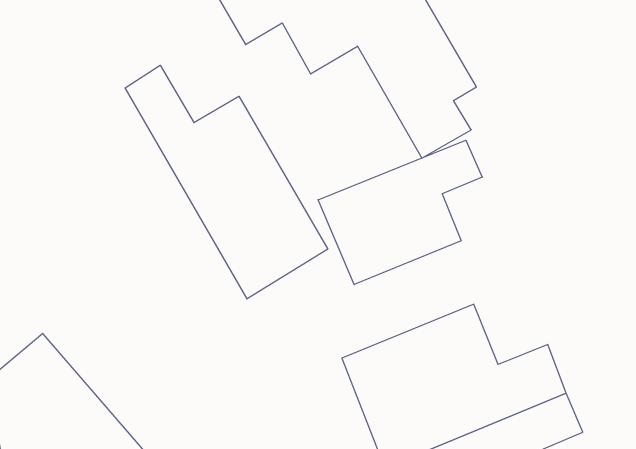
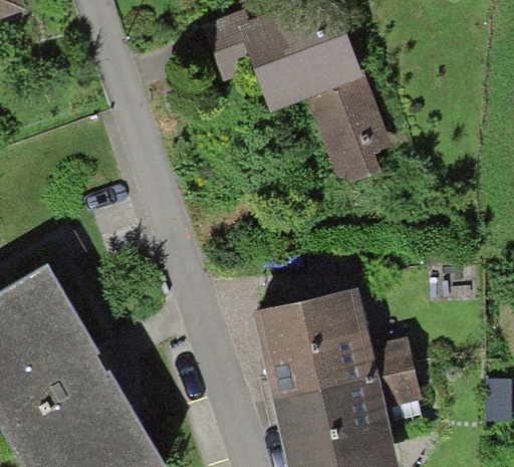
building: [125,65,328,299] -> none
building: [318,140,482,285] -> none

